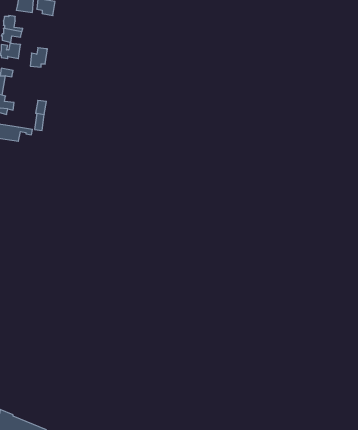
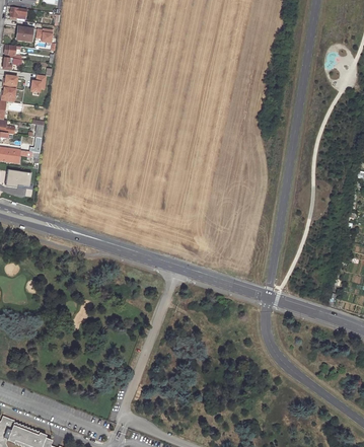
building: none -> [5,170,32,190]

